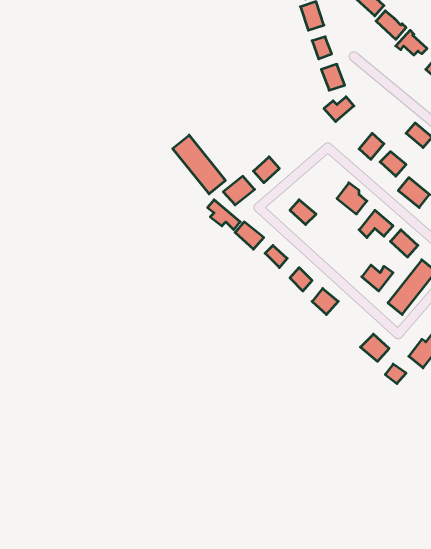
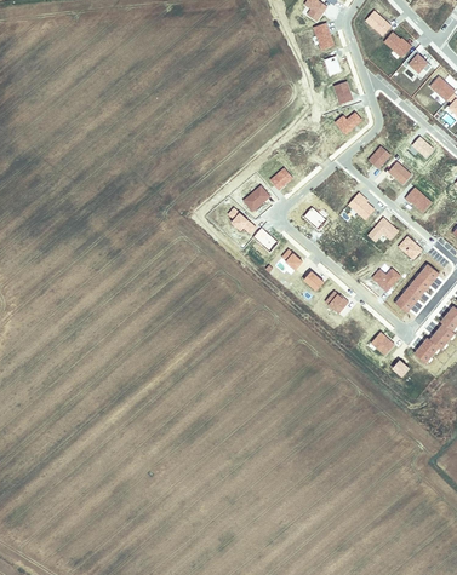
building: [173,135,225,194] -> none

